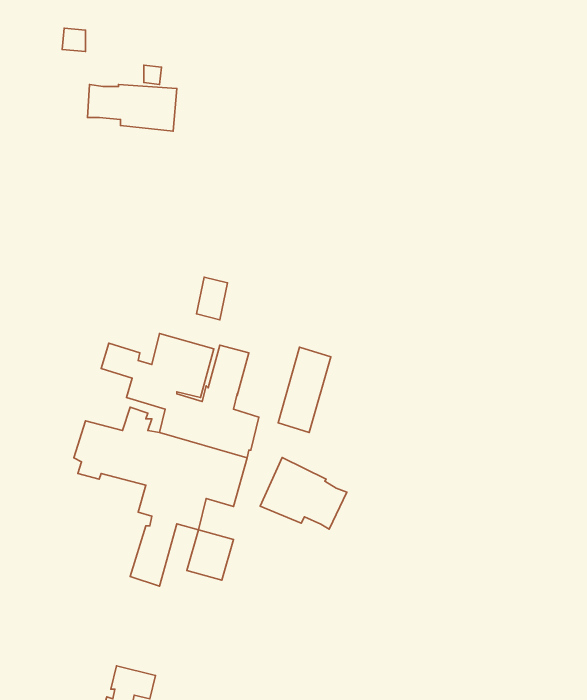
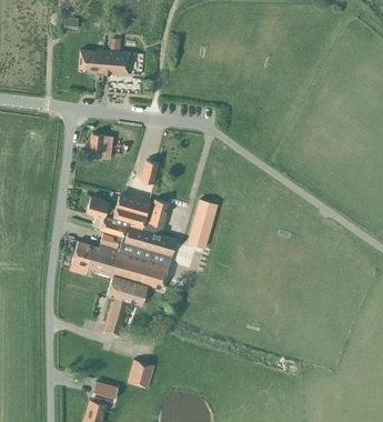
building: none -> [89,133,113,159]
building: [260,457,347,529] -> none
building: [187,530,233,580] -> [128,359,154,388]

